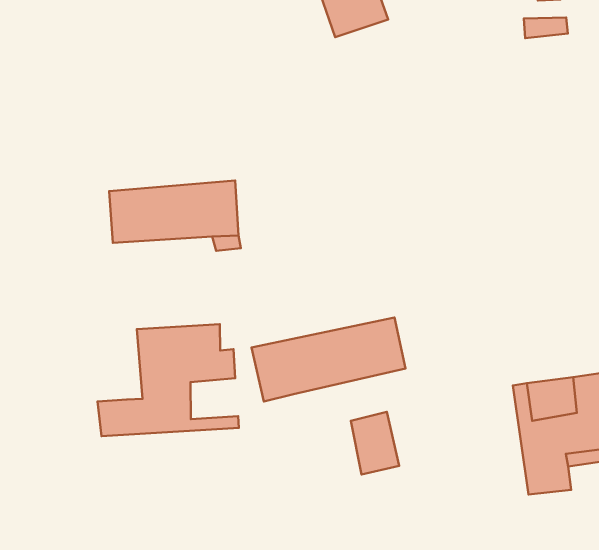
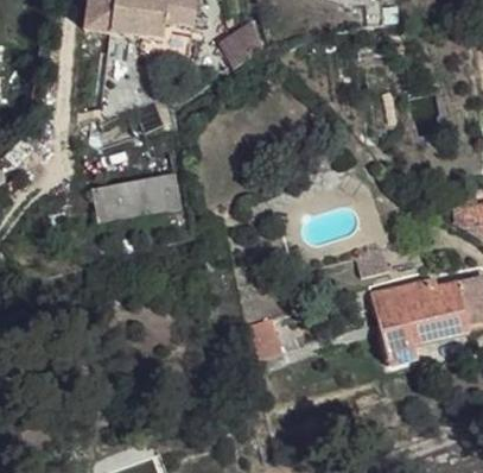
building: [252,318,406,402] -> none
building: [98,324,239,436] -> none

